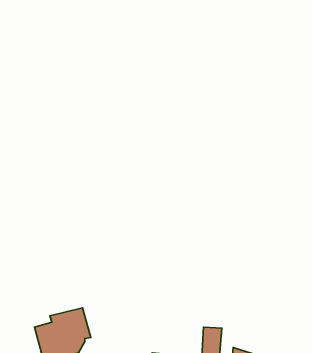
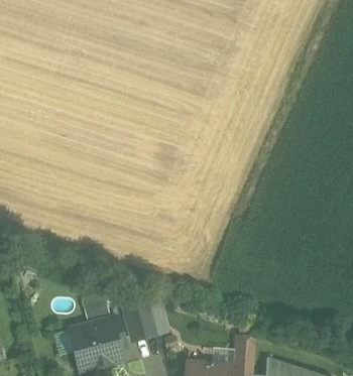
building: none -> [121,298,157,341]

